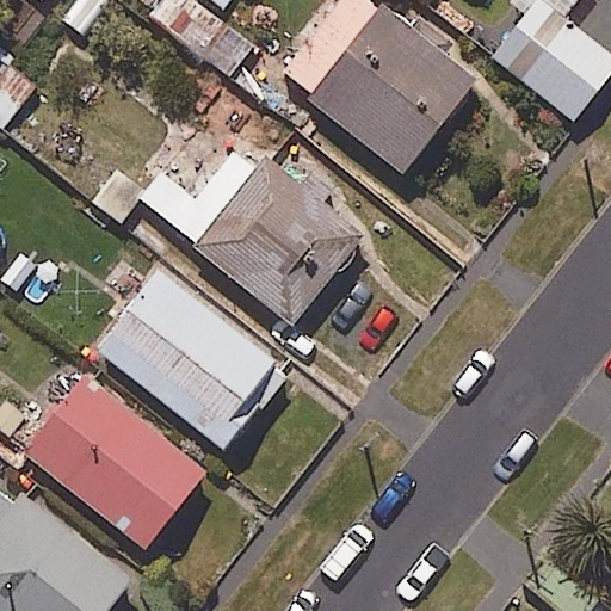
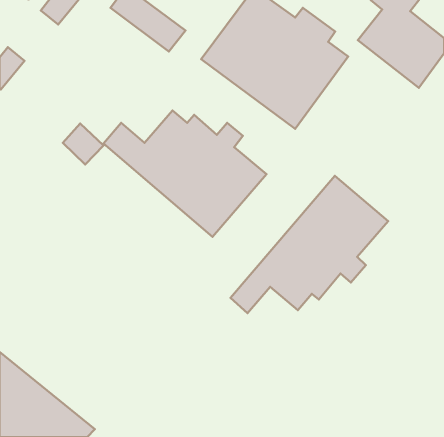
building: none -> [230,176,388,313]
building: [95,270,285,450] -> none
building: [25,378,206,551] -> none

